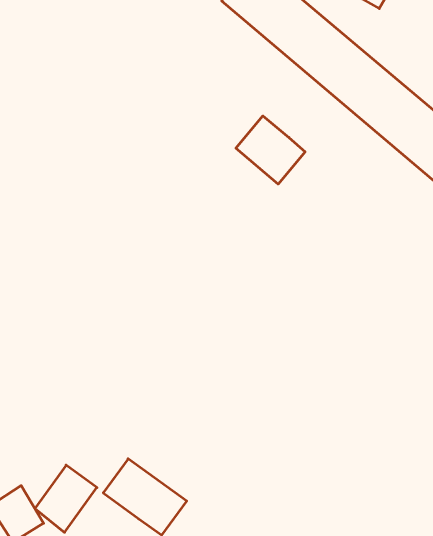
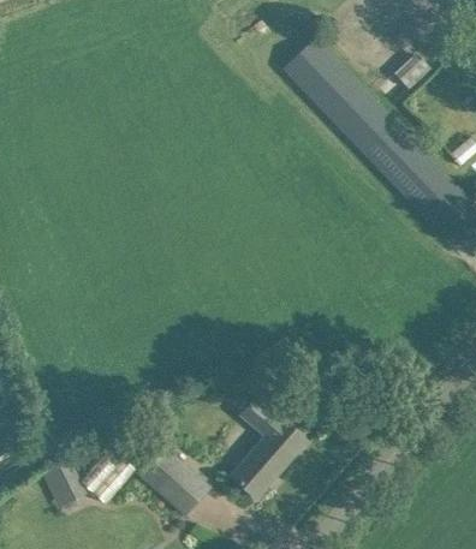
building: [236,116,305,184] -> none
building: none -> [230,389,307,499]

